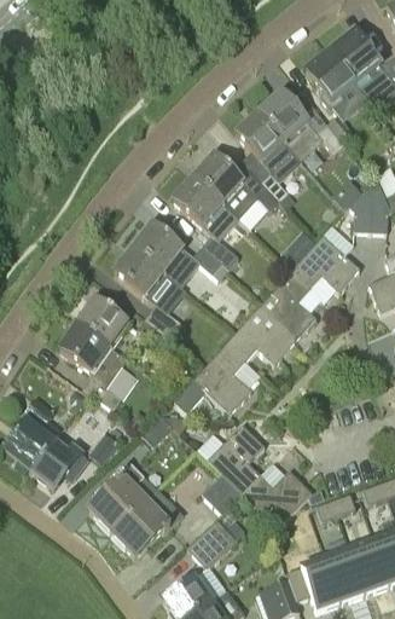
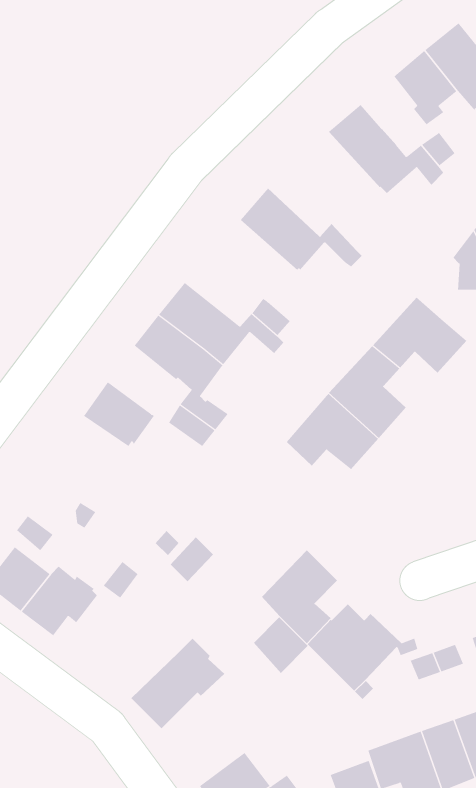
building: [236,112,302,201] -> none
building: [173,178,234,231] -> none
building: [59,323,126,407] -> none
building: [173,342,251,412] -> none
building: [88,463,146,532] -> none
building: [186,517,237,567] -> none

